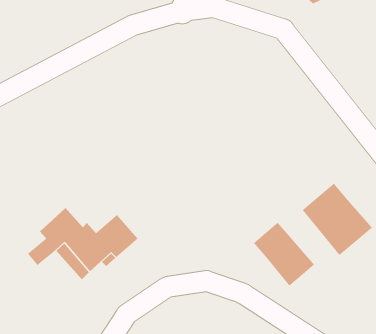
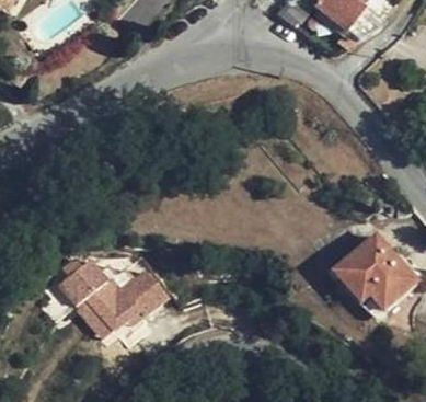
building: [253,222,315,287] -> none

